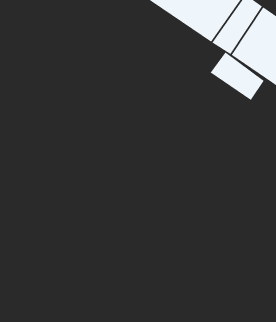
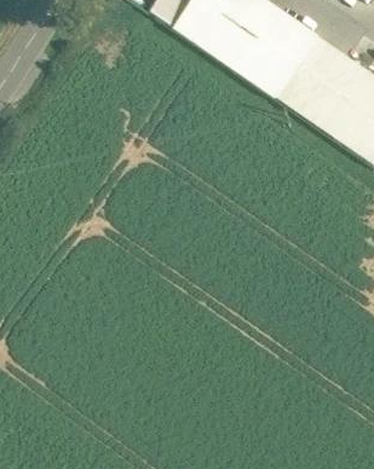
building: [210,51,264,101] -> none

